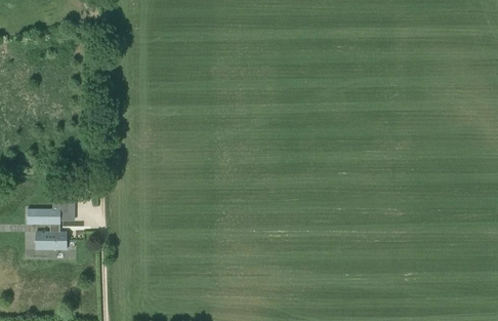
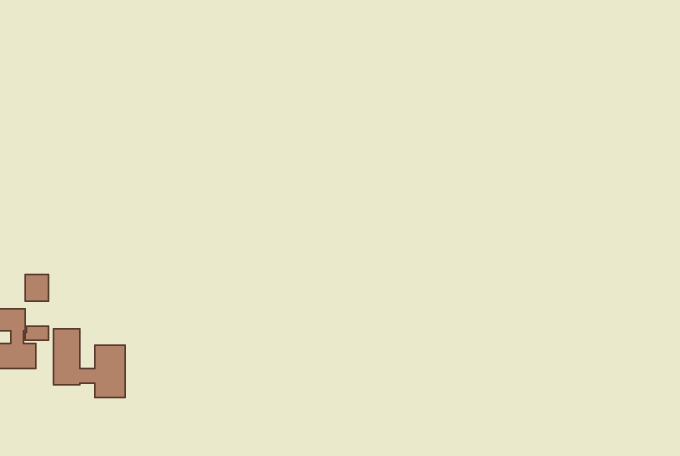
building: none -> [54,329,125,398]

